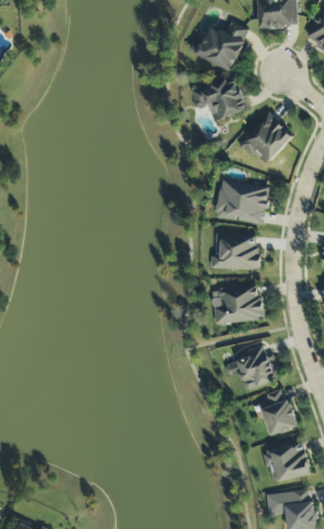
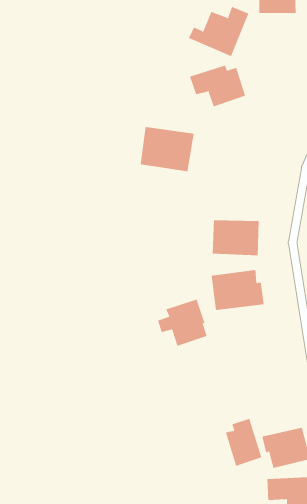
building: [241,113,295,166] -> none
building: [217,179,271,224] -> [140,126,194,172]
building: [227,343,278,391] -> [157,299,208,346]
building: [261,387,298,436] -> [225,418,262,467]

